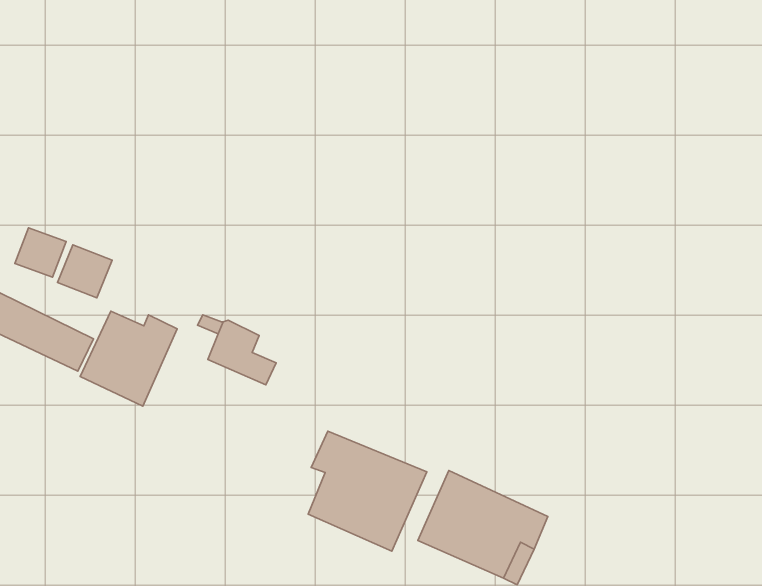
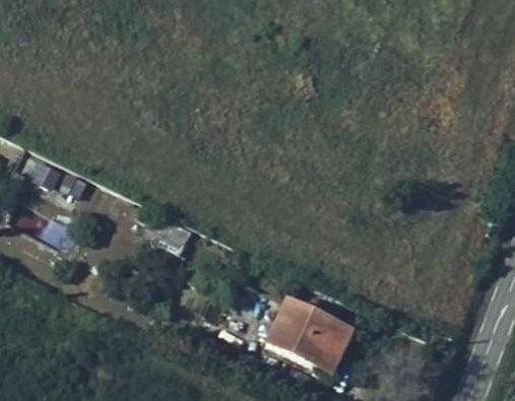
building: [80,311,177,406] -> none
building: [308,431,427,551] -> none

